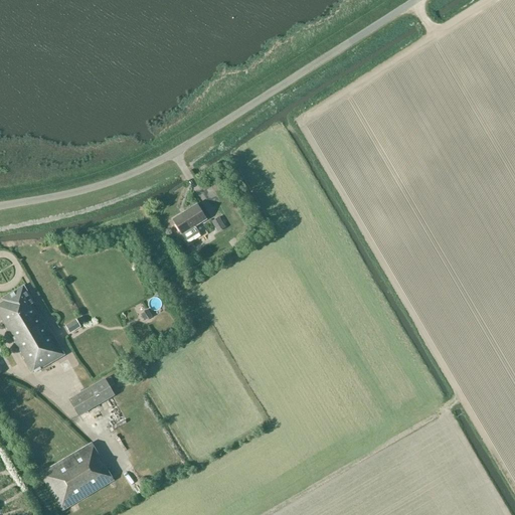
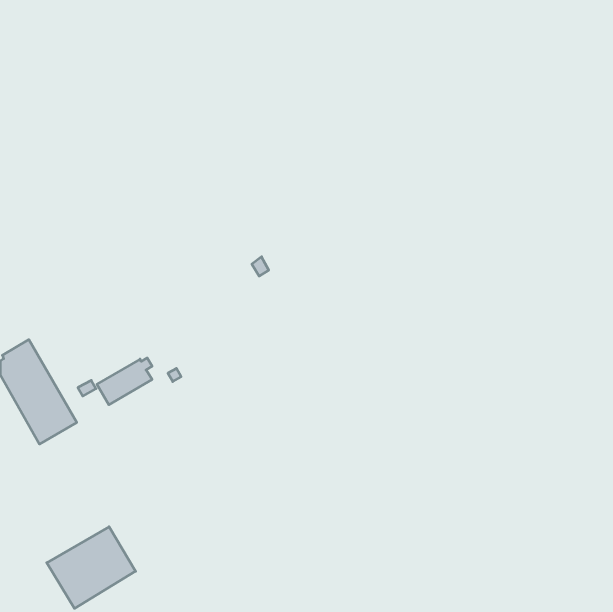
building: [174,203,206,240] -> none
building: [68,376,115,415] -> [97,358,152,405]

